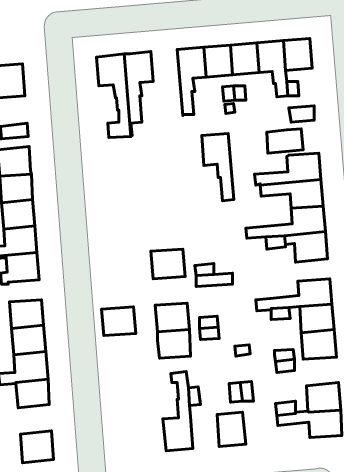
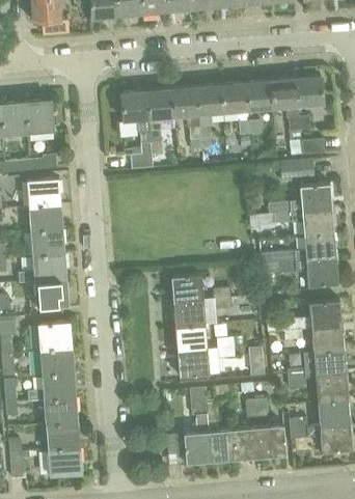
building: [202,133,234,201] -> [171,86,201,149]
building: [102,307,136,336] -> [173,300,206,327]
building: none -> [315,376,348,403]
building: none -> [47,420,78,448]
building: none -> [257,425,285,458]
building: none -> [209,429,236,462]

